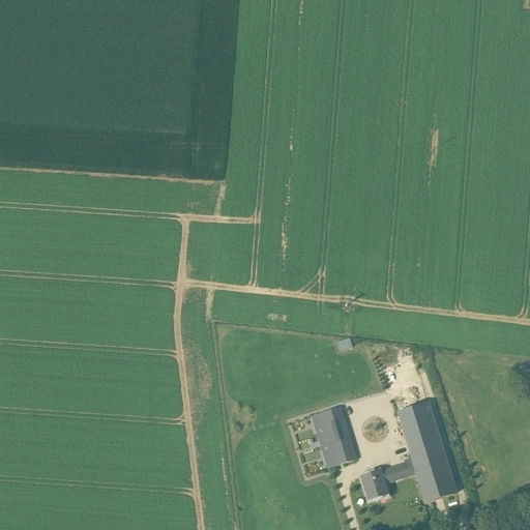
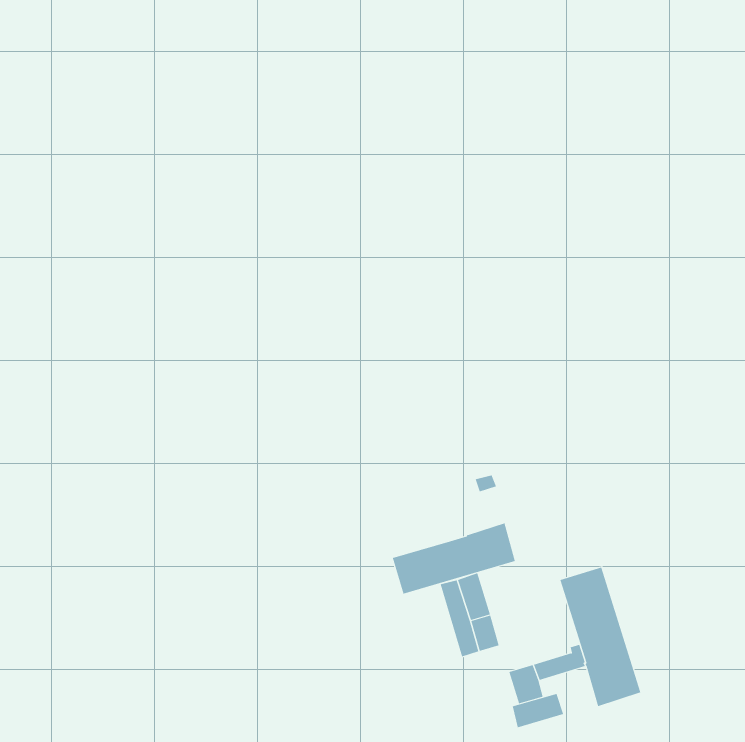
building: none -> [392,523,516,595]
building: none -> [512,693,564,728]

